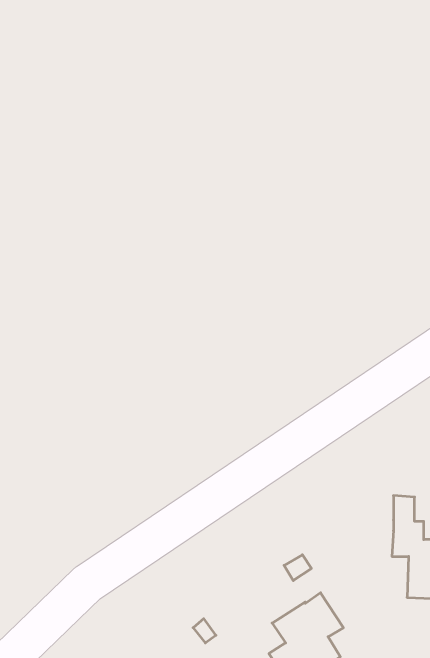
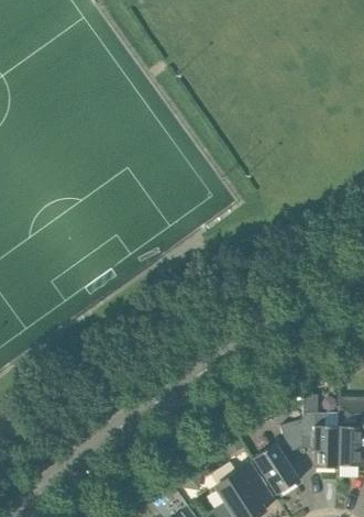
building: none -> [254,419,305,495]

